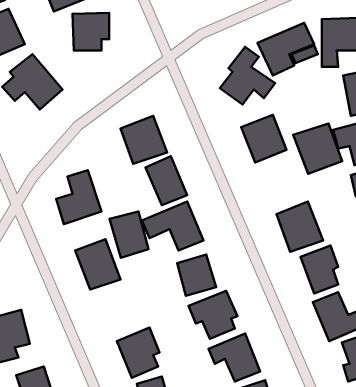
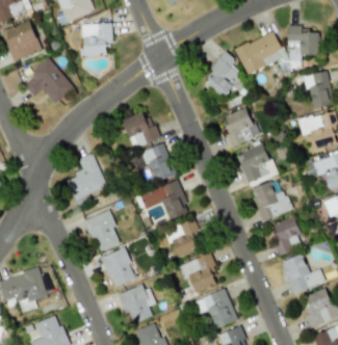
building: [293,123,342,174] -> [236,143,277,185]
building: [110,211,149,258] -> [103,248,135,287]

